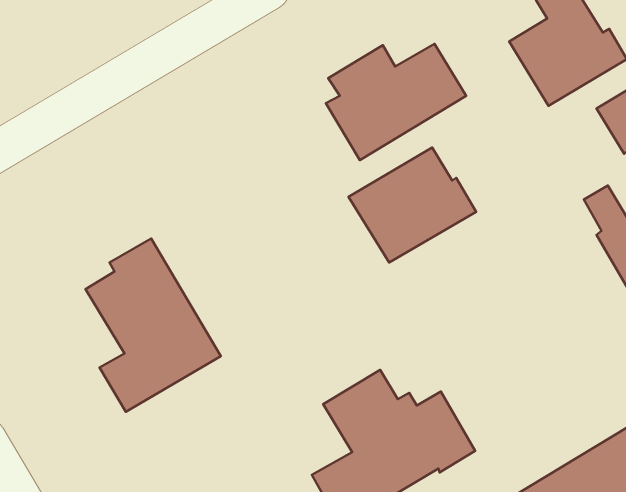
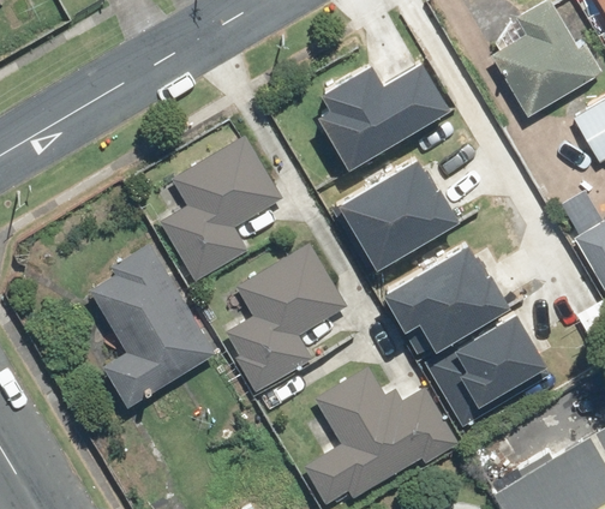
building: none -> [161,138,283,283]
building: none -> [384,244,510,349]
building: none -> [227,246,348,395]
building: none -> [454,312,547,407]

